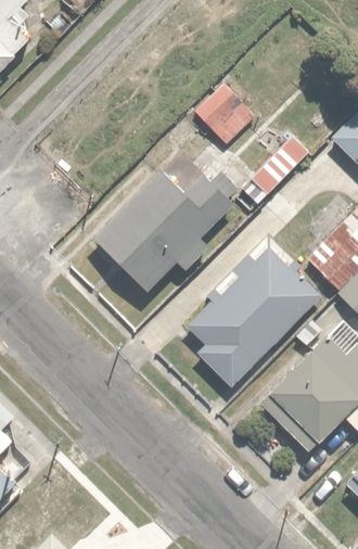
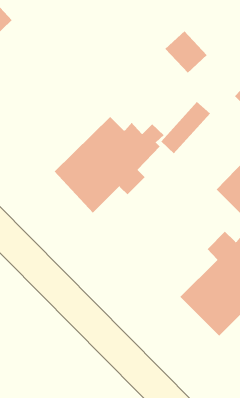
building: [197,88,254,144] -> [165,31,208,73]
building: [186,244,321,383] -> none

